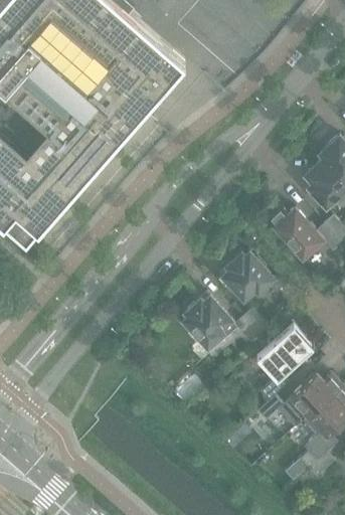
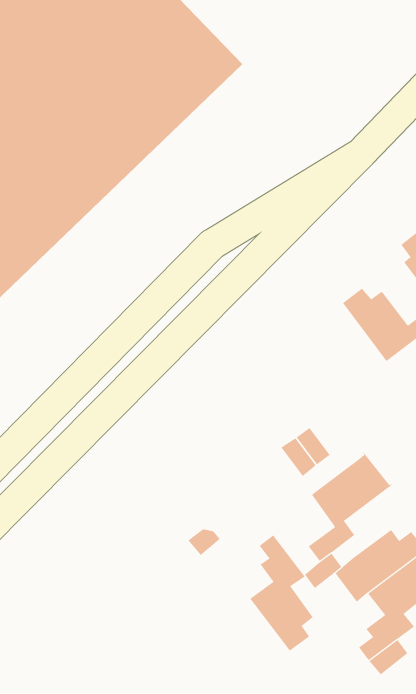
building: [222,252,274,300] -> none
building: [183,297,231,351] -> none
building: none -> [249,535,313,652]

